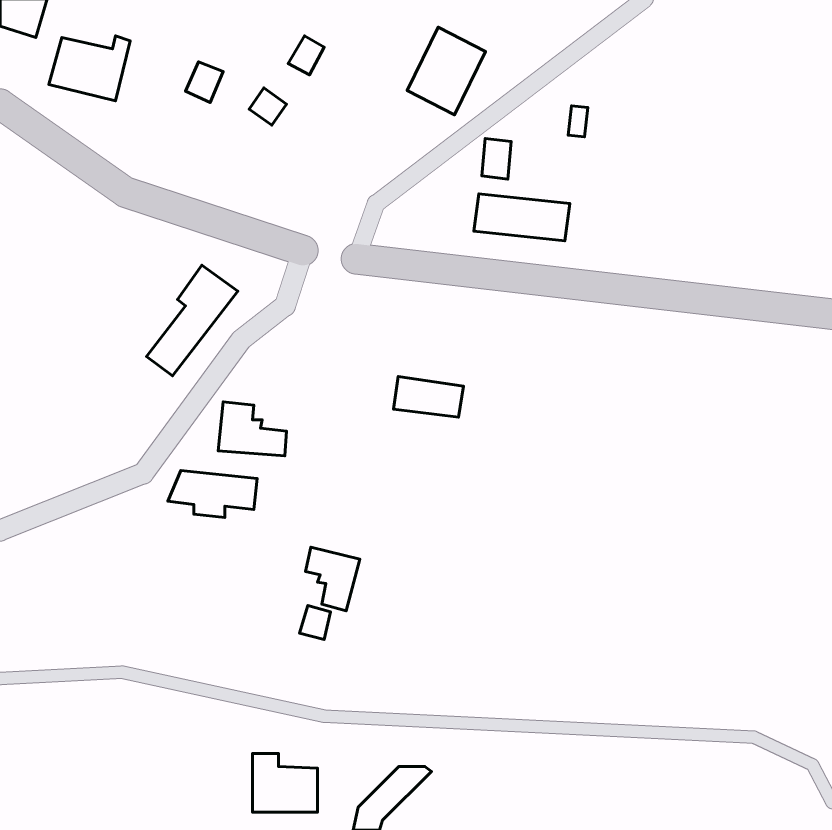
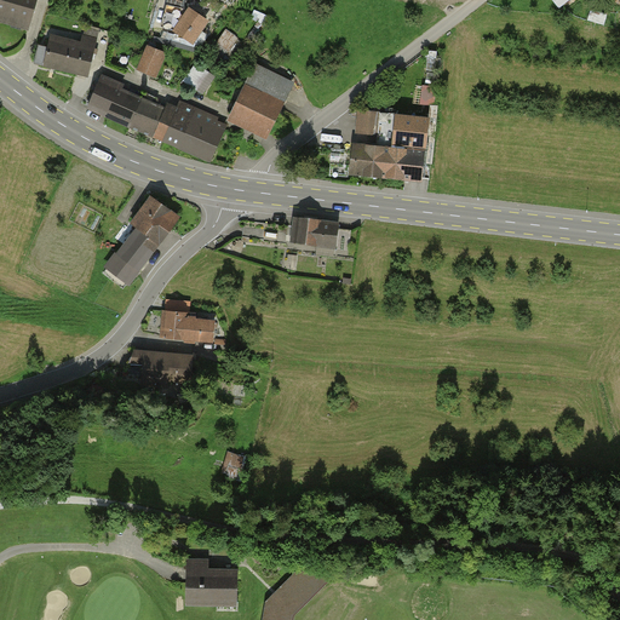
building: none -> [176,7,206,40]
building: [407,27,485,115] -> [232,65,291,131]
building: none -> [88,74,224,159]
building: none -> [397,116,427,144]
building: [393,377,463,417] -> [283,218,335,248]
building: [306,547,360,611] -> none

